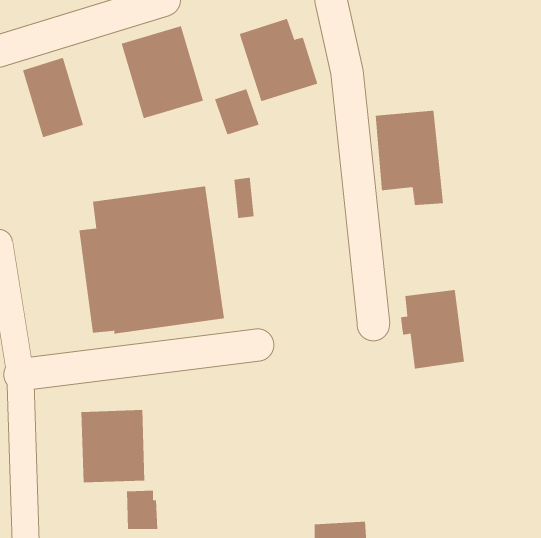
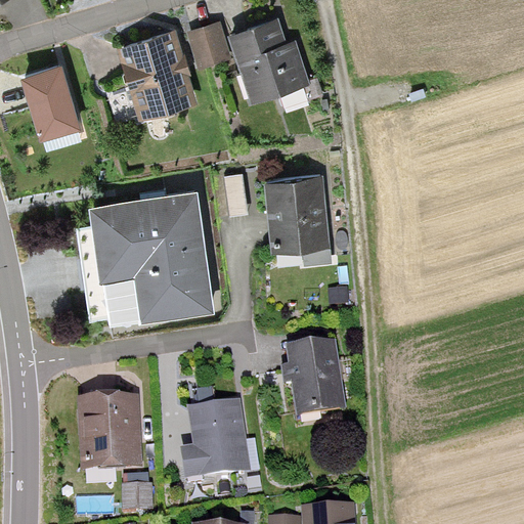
building: [214,89,260,135] -> [187,23,231,68]
building: [375,110,444,206] -> [265,175,332,267]
building: [400,290,465,369] -> [281,344,344,421]
building: none -> [180,401,251,482]

